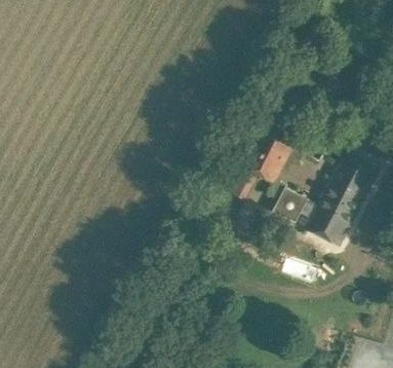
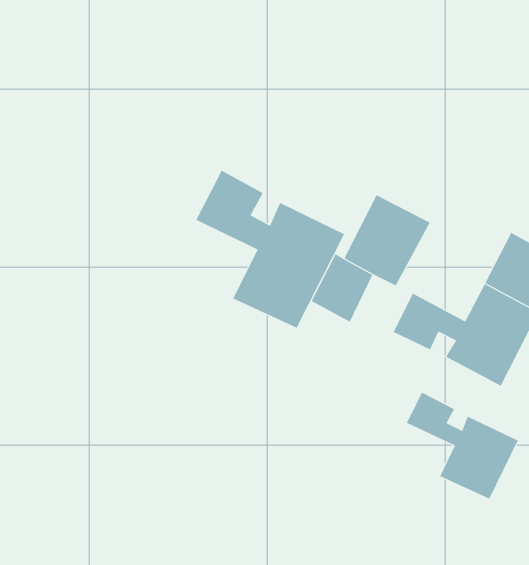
building: none -> [195,170,345,329]
building: none -> [406,392,519,499]

